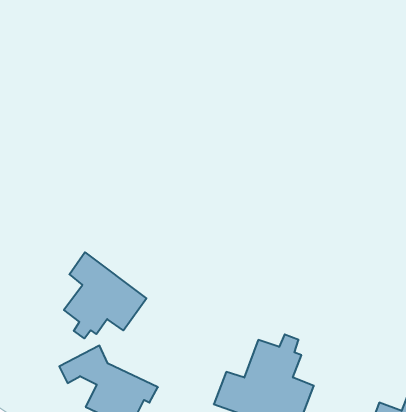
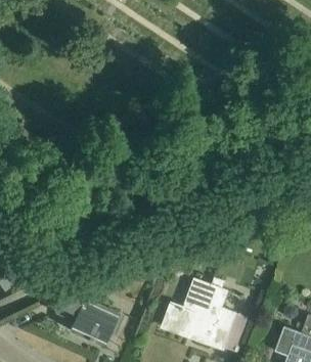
building: [64,252,146,338] -> none

